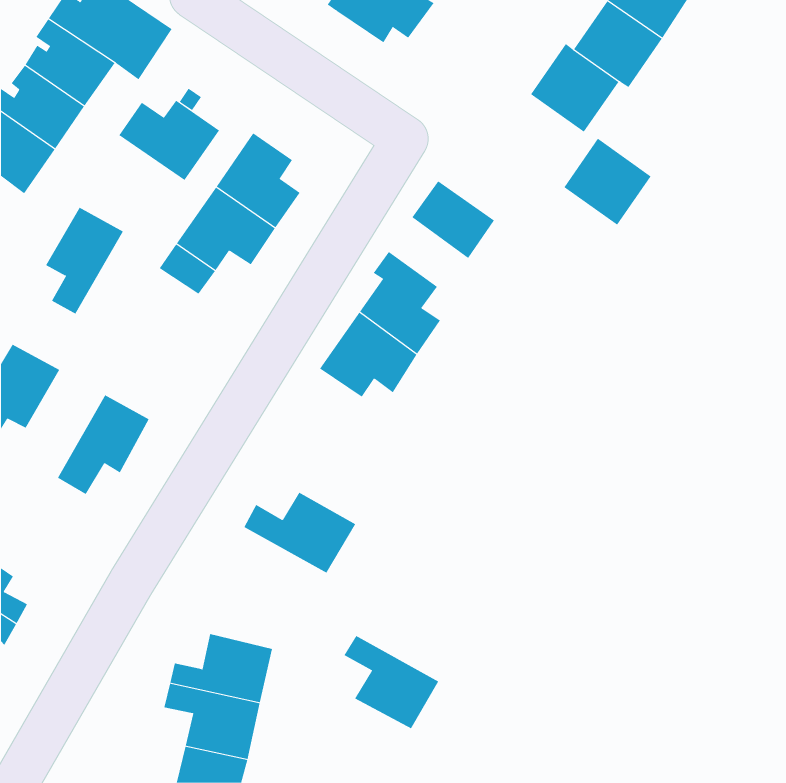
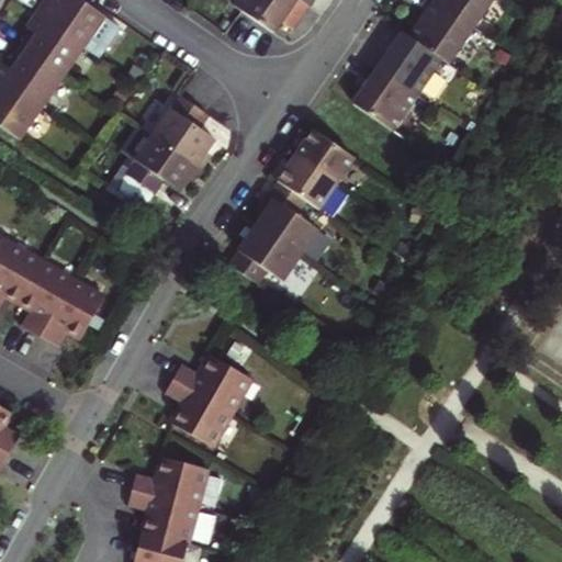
building: [119,100,220,181] -> none
building: [564,138,651,226] -> [355,67,417,130]
building: [45,207,124,315] -> [20,263,76,340]
building: none -> [278,155,335,207]
building: [344,635,439,729] -> [166,375,234,442]

